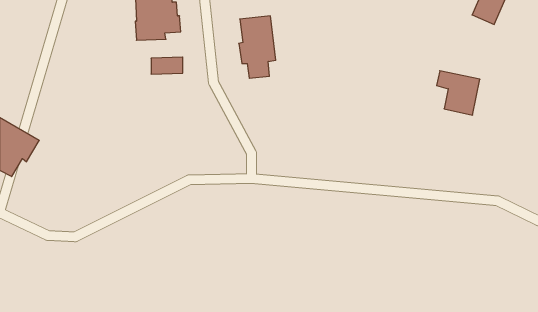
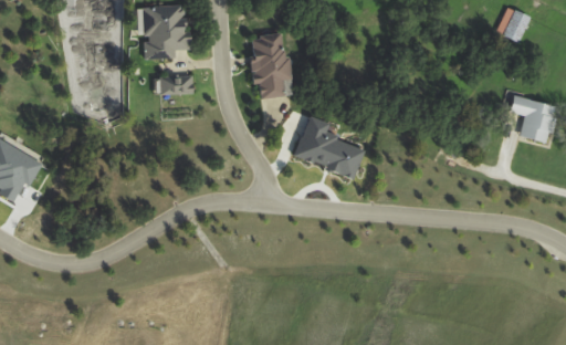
building: [437,71,480,115] -> [511,95,556,142]
building: none -> [294,114,365,178]

